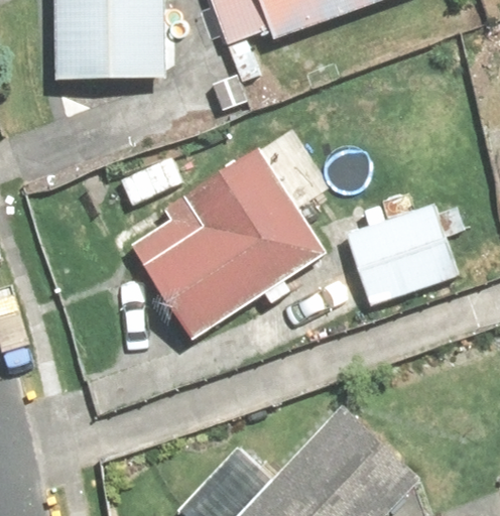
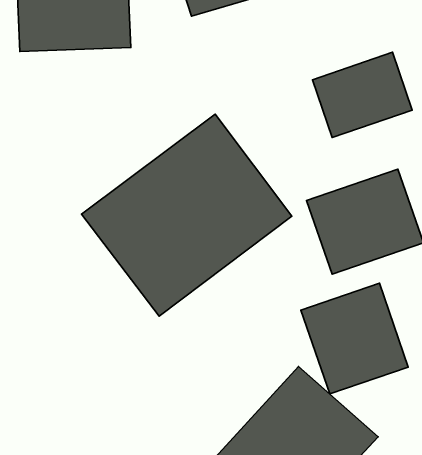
building: none -> [312,52,412,138]
building: none -> [301,283,408,394]

